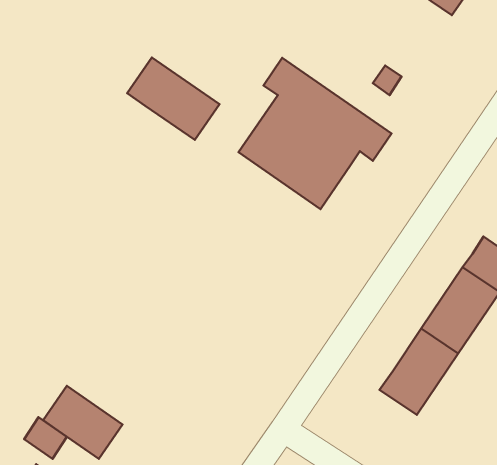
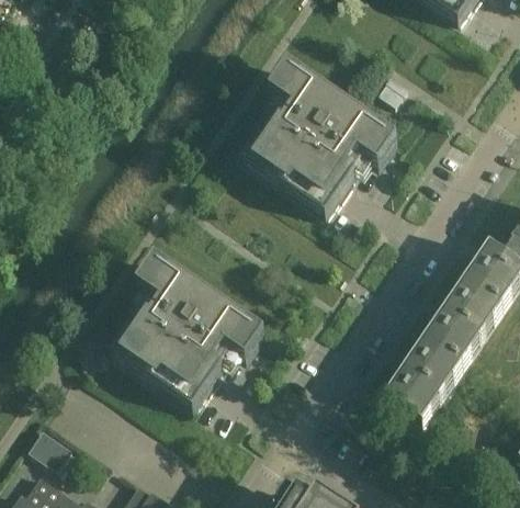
building: [127,57,220,140] -> none
building: none -> [110,257,264,407]
building: [43,386,123,459] -> none

